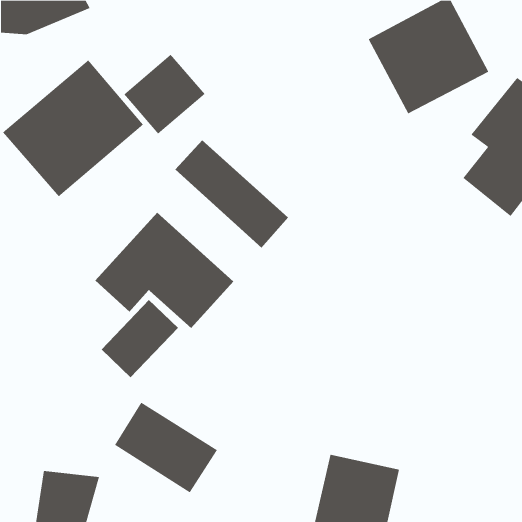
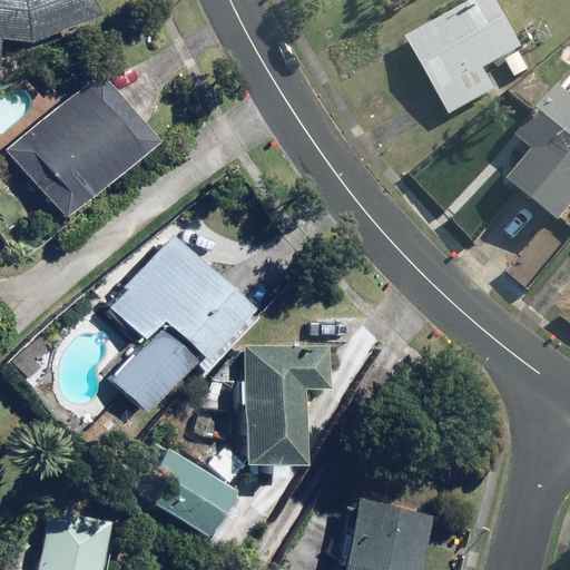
building: [123,54,205,135] -> none
building: [174,139,289,249] -> none
building: none -> [245,343,331,474]

